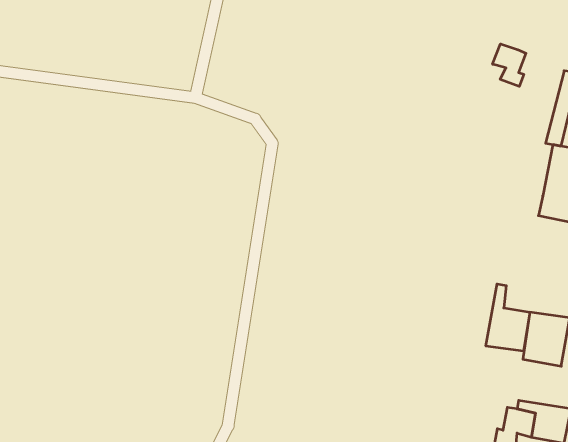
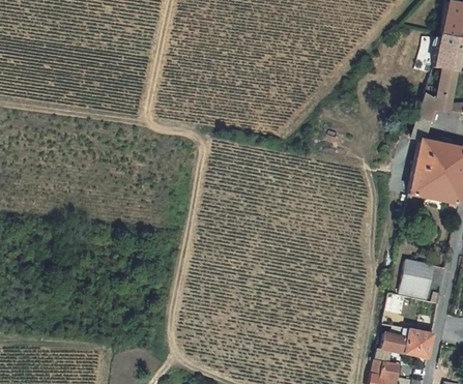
building: [493,44,526,86] -> none
building: [486,284,530,351] -> none

